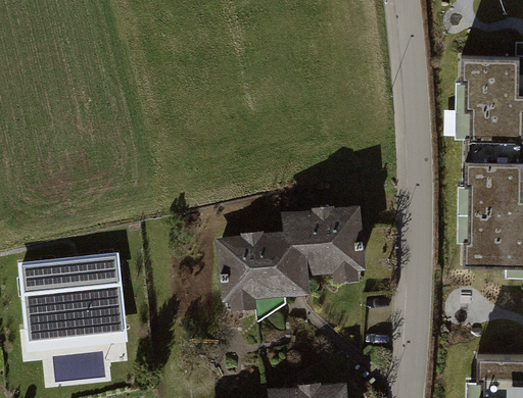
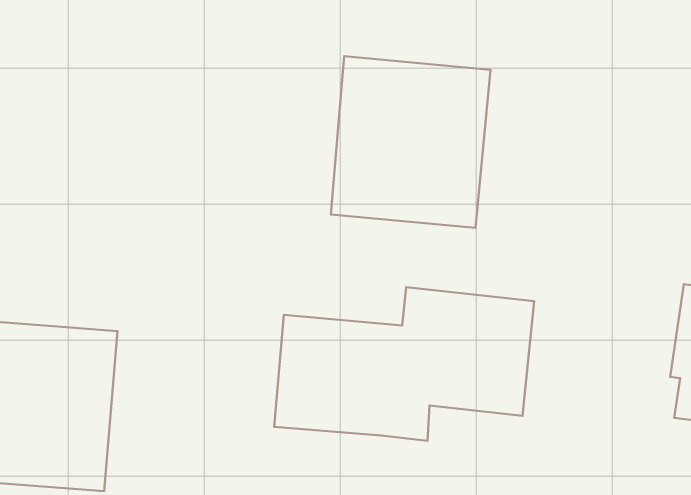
building: none -> [331,56,490,228]

